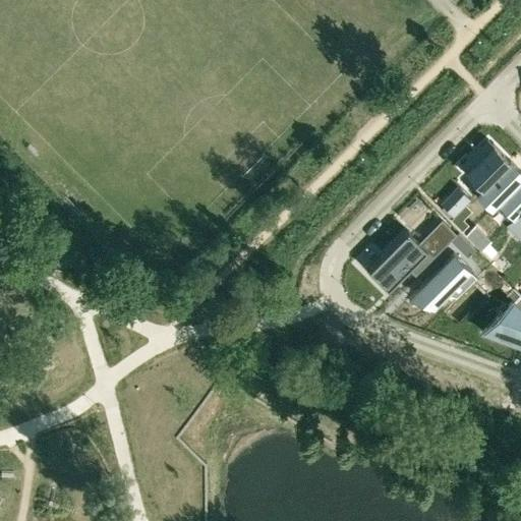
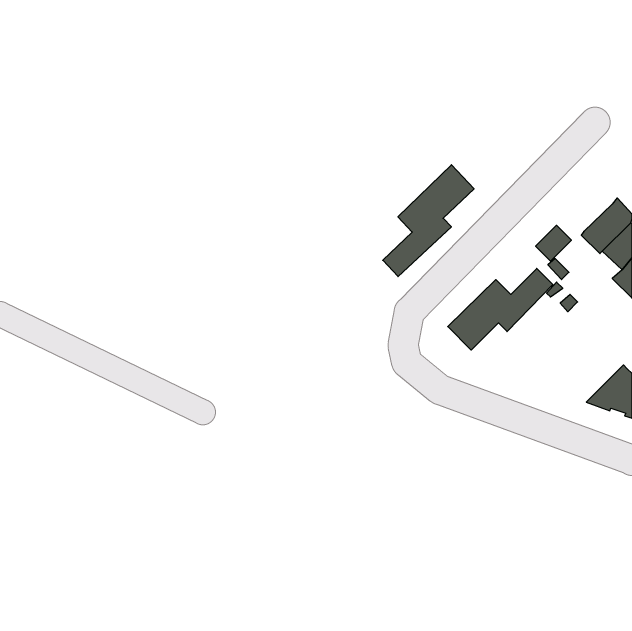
building: [462,135,510,184] -> none
building: none -> [383,165,474,277]
building: [414,253,470,305] -> none

